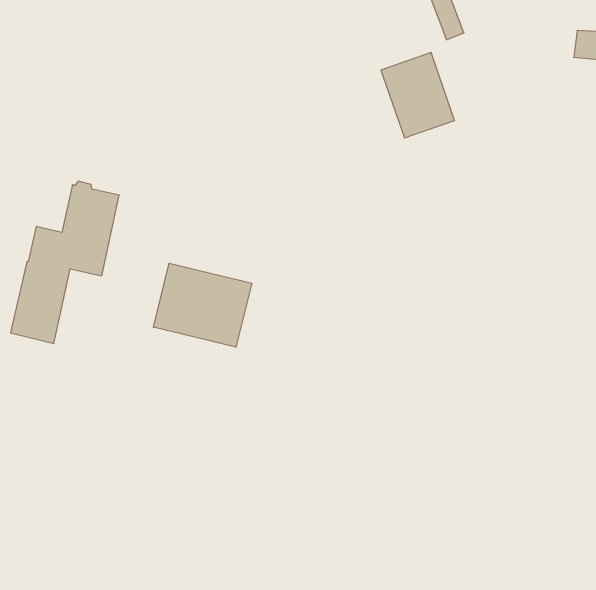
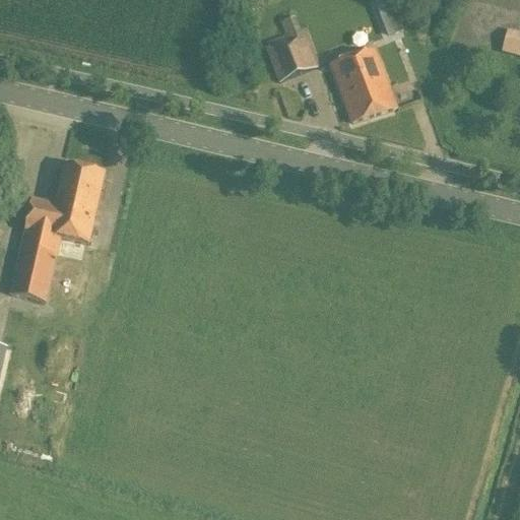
building: none -> [267,28,317,78]
building: [153,263,252,347] -> none

